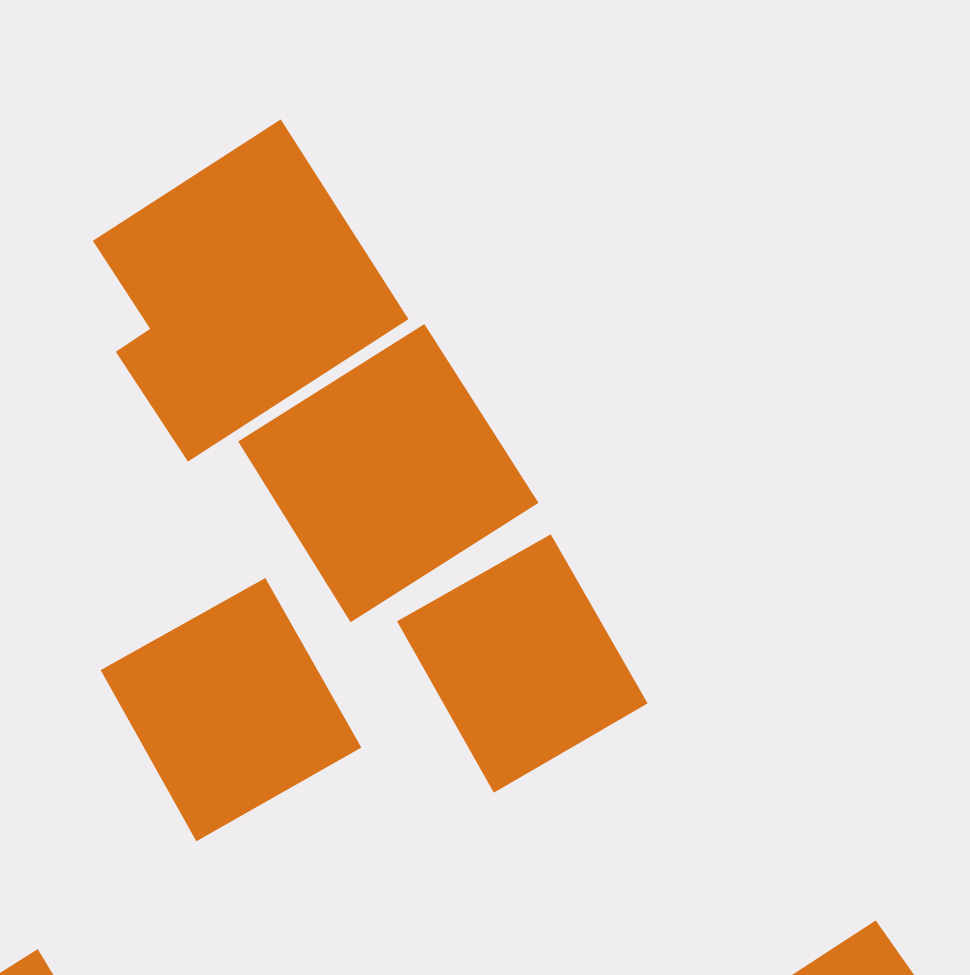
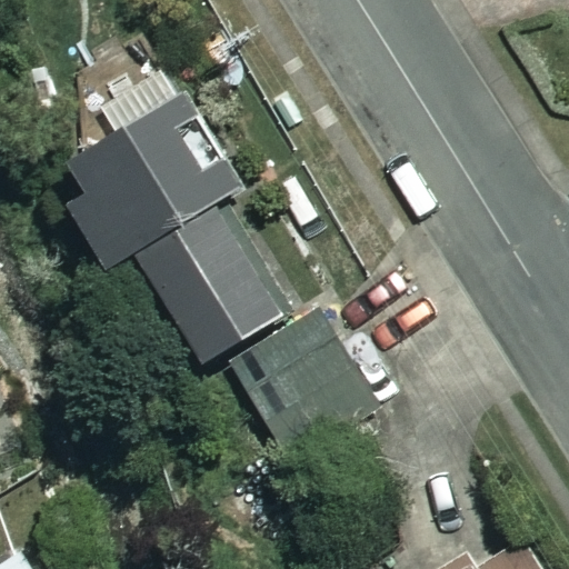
building: [100,577,362,842] -> none

